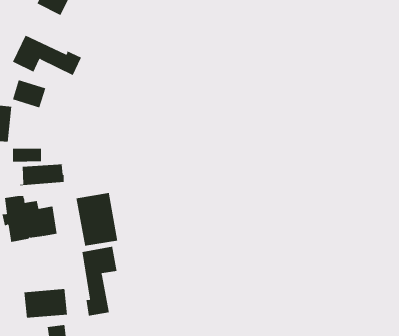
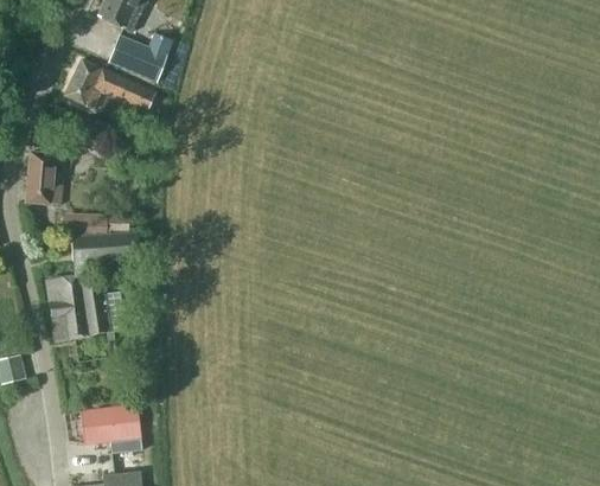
building: none -> [108,32,173,84]
building: [76,192,118,247] -> none
building: [82,246,117,316] -> none

